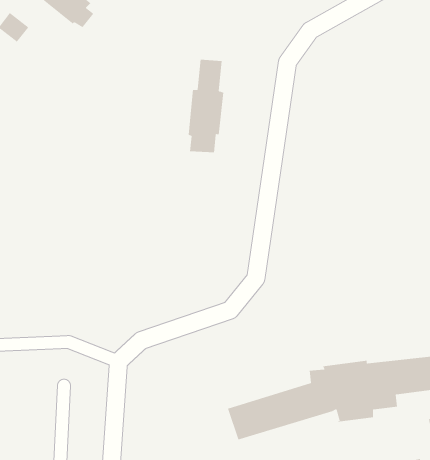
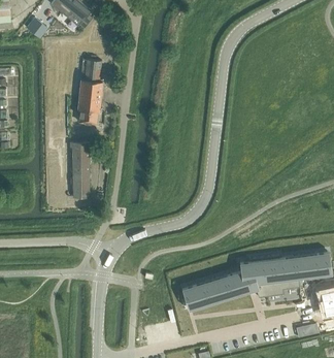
building: [188,59,224,153] -> [77,60,102,124]
building: none -> [69,143,89,198]

